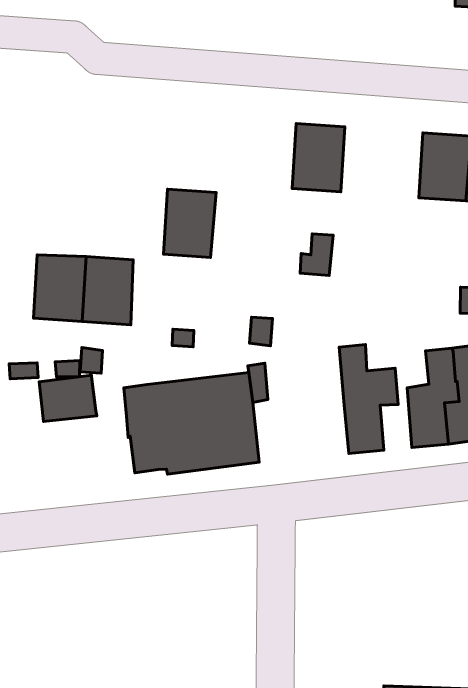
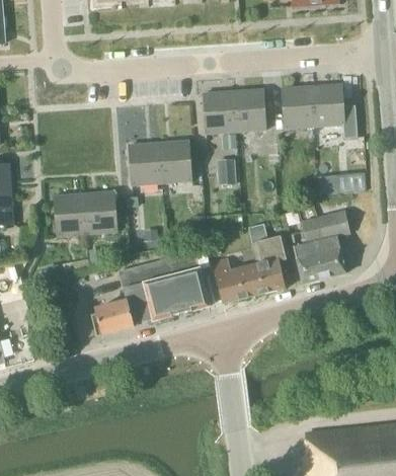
building: none -> [233,89,265,131]
building: none -> [159,140,191,182]
building: [39,374,97,422] -> [95,300,134,333]
building: none -> [213,257,263,303]

